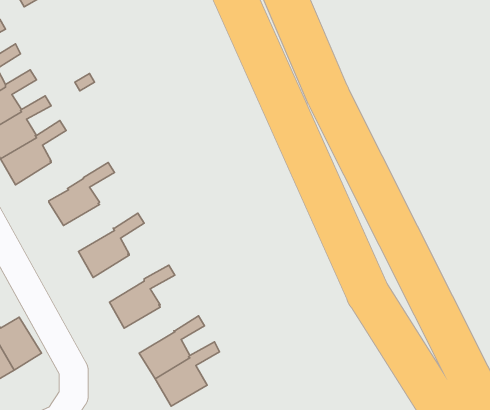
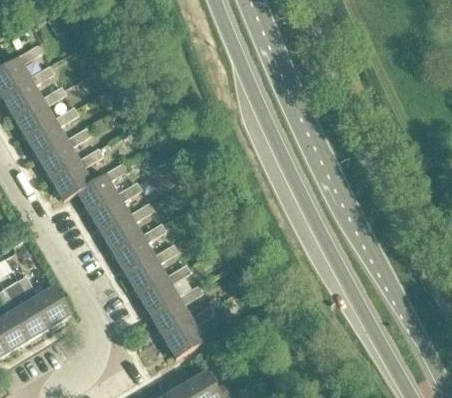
building: none -> [50,148,103,201]
building: none -> [89,182,142,233]
building: none -> [113,223,166,274]
building: none -> [138,264,191,315]

